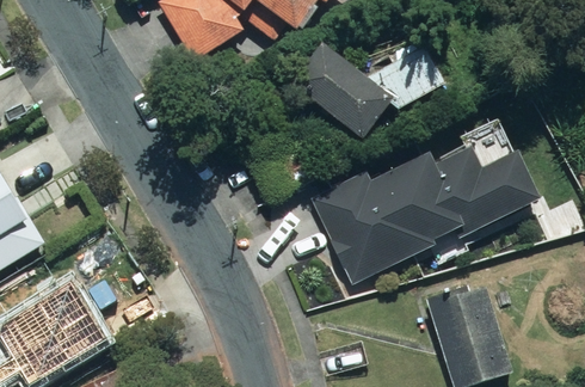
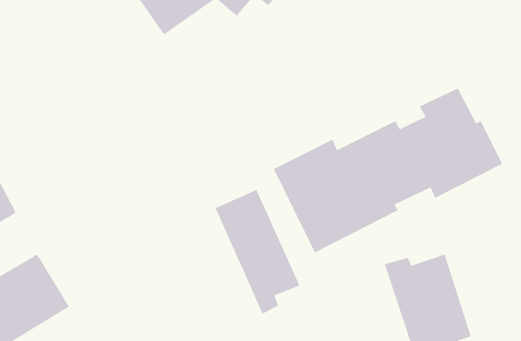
building: [308,37,450,137] -> none
building: none -> [214,189,300,315]

